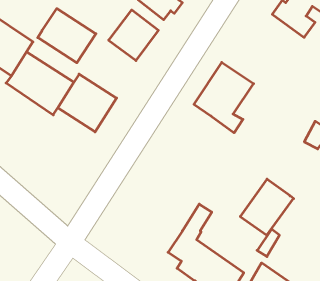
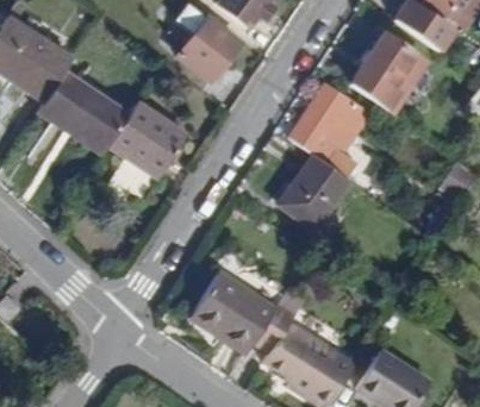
building: [38,9,96,63] -> none
building: none -> [348,35,426,117]
building: [240,179,294,235] -> [276,156,348,231]
building: none -> [188,274,274,355]

